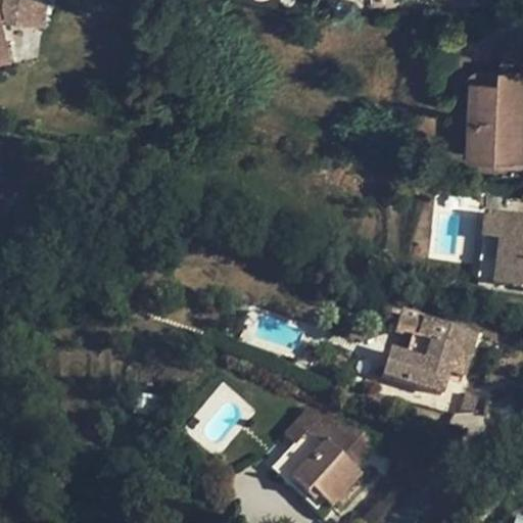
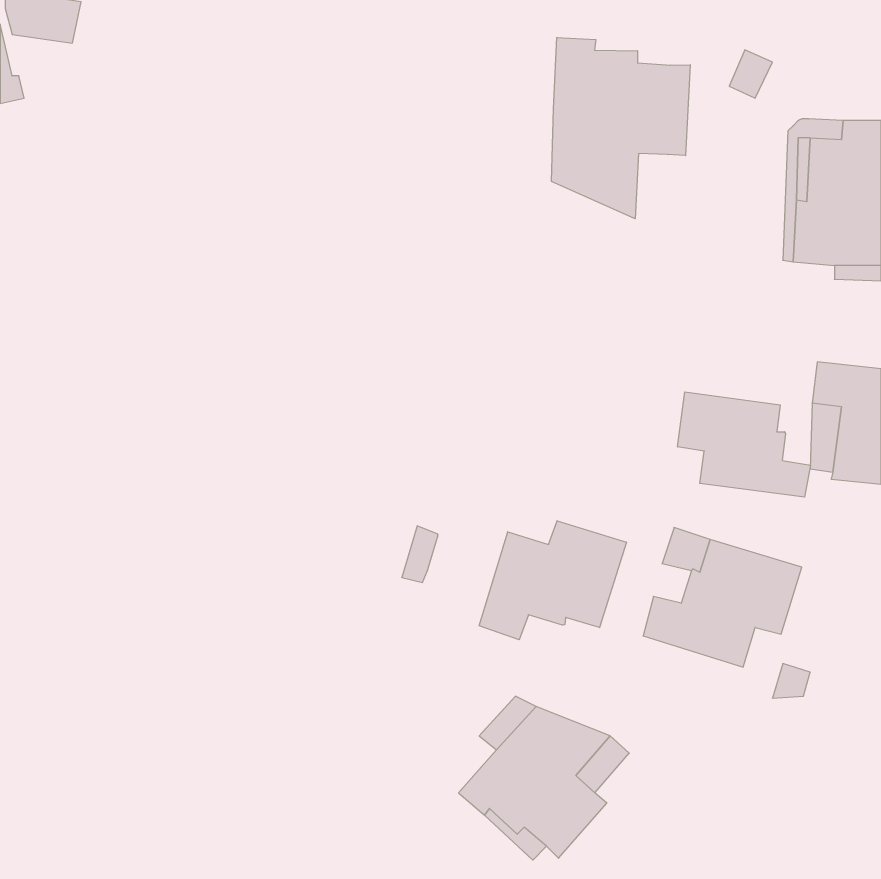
building: none -> [552,37,690,219]
building: none -> [678,392,810,497]
building: none -> [479,521,626,640]

